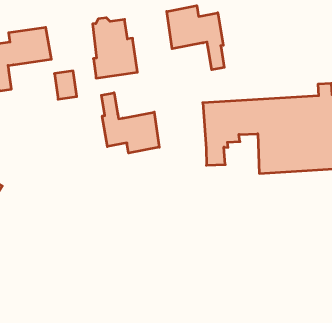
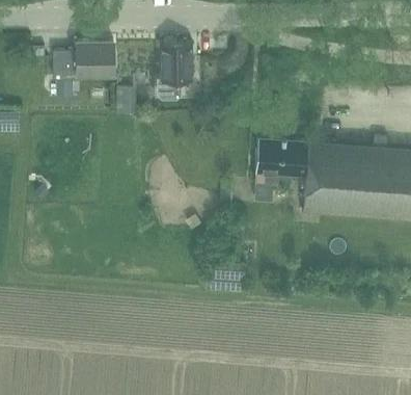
building: [167,6,224,70] -> none
building: [101,93,159,153] -> none

